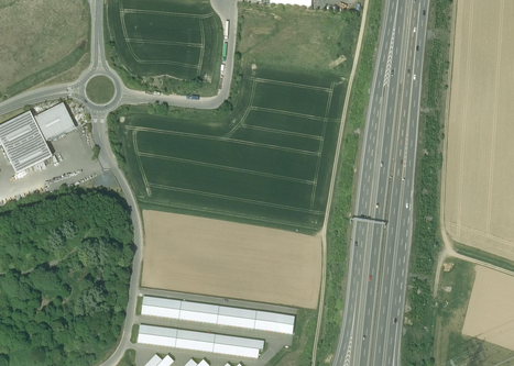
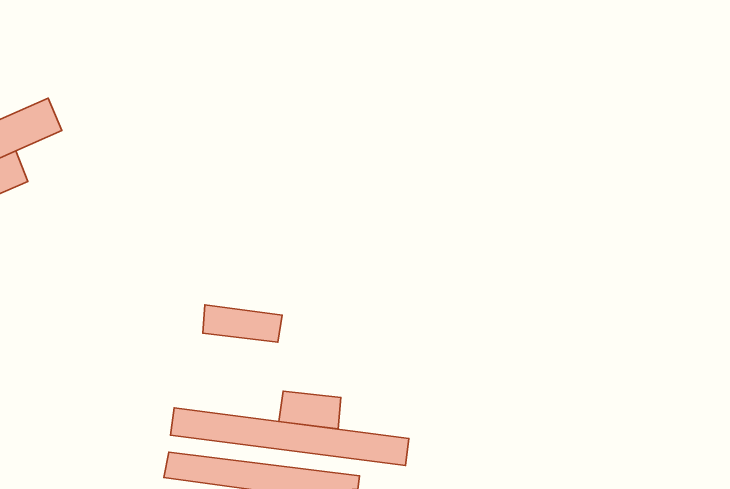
building: none -> [203,305,282,342]
building: none -> [279,391,341,429]

